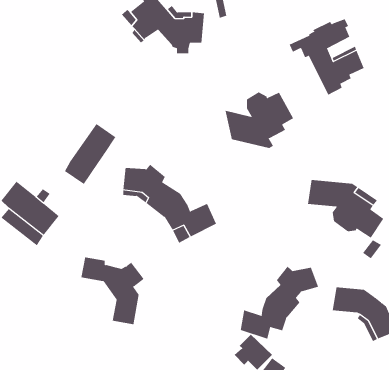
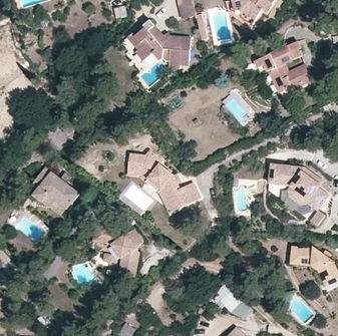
building: [225,92,294,149] -> none
building: [64,123,116,185] -> none
building: [240,266,319,340] -> none

